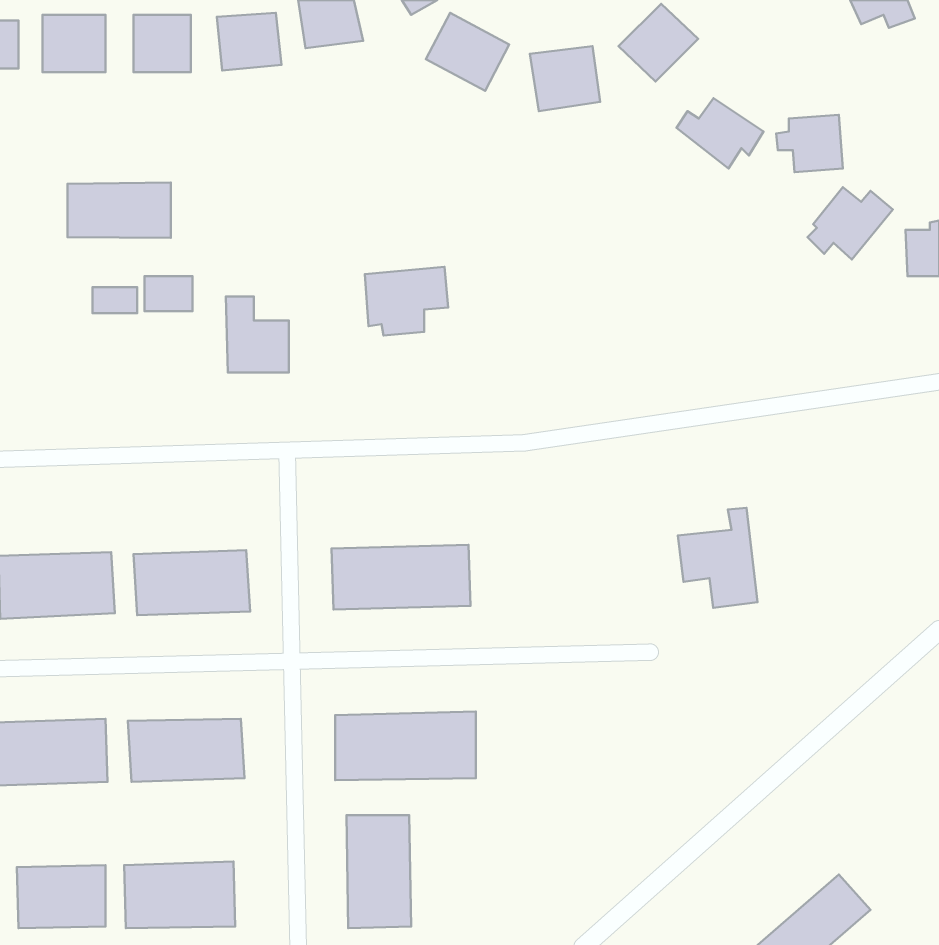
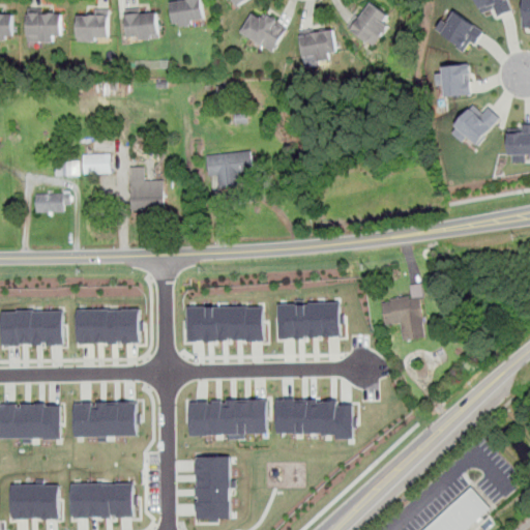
building: [677,98,764,169] -> [434,12,482,52]
building: [67,183,171,238] -> none
building: none -> [33,192,67,212]
building: none -> [276,301,342,340]
building: none -> [274,400,352,442]

